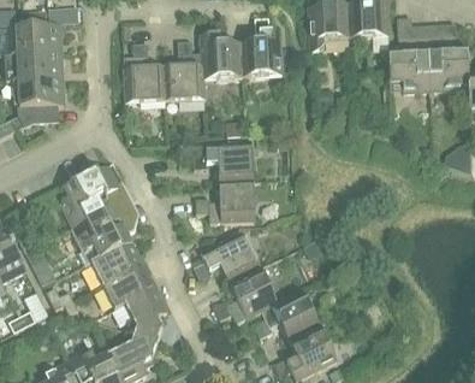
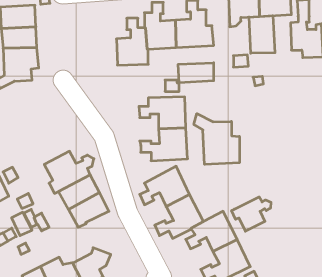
building: none -> [249,16,275,53]
building: [124,40,166,101] -> none
building: none -> [178,63,214,83]
building: none -> [194,114,239,164]
building: [59,169,120,226] -> none
building: none -> [232,197,271,231]
building: [125,287,167,342] -> none

